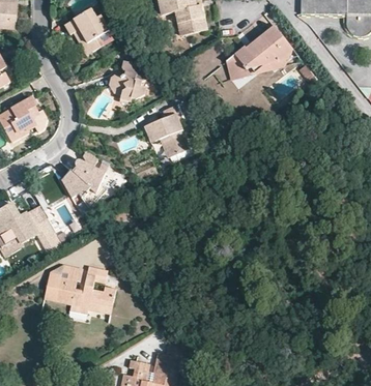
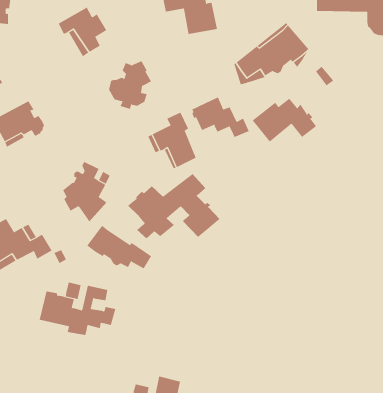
building: none -> [191,97,250,138]
building: none -> [252,98,317,142]
building: none -> [127,173,221,239]
building: none -> [86,225,152,269]

